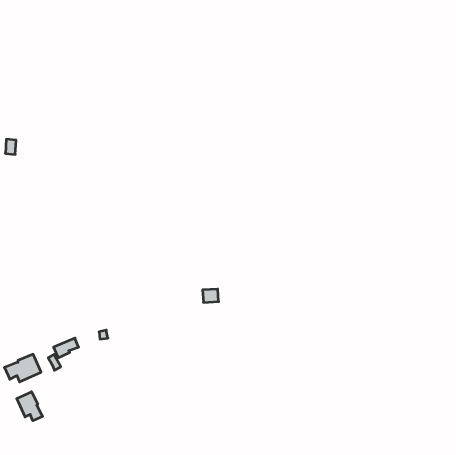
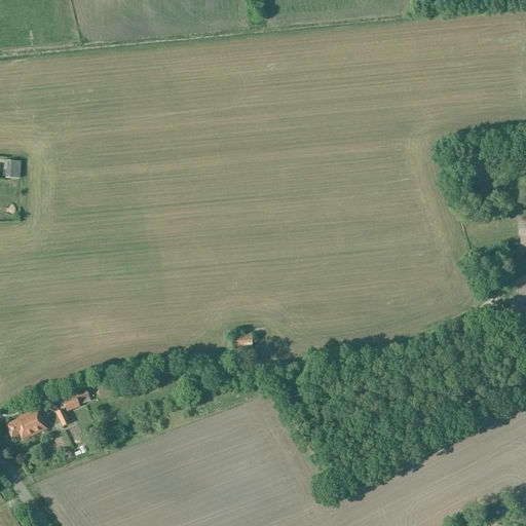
building: [17,392,43,421] -> none

